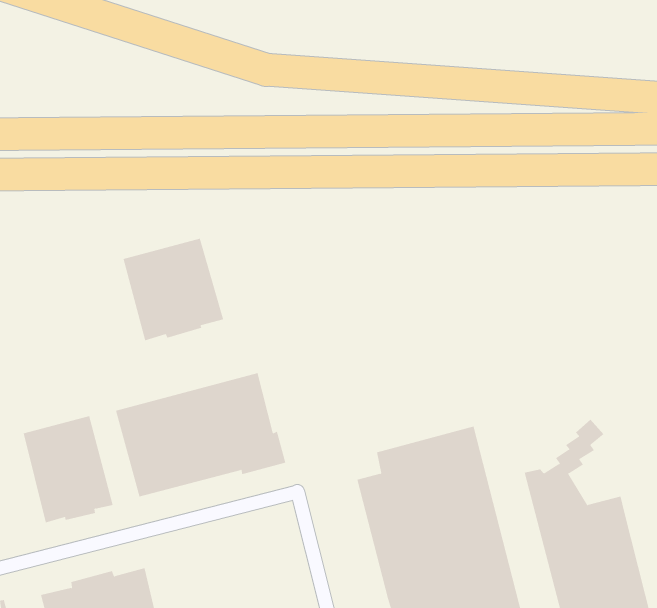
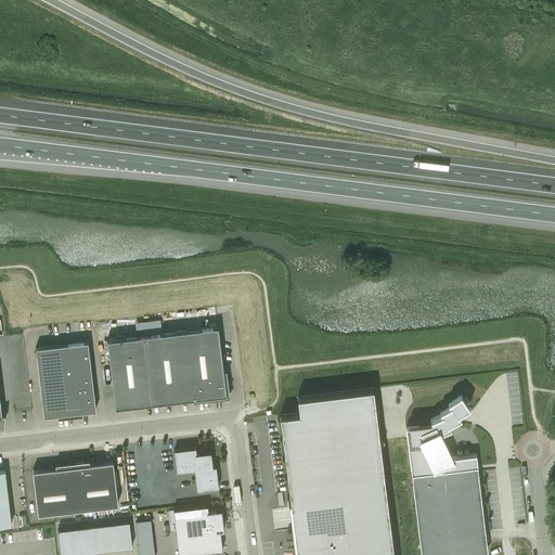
building: [123,238,224,341] -> none
building: none -> [175,451,219,493]

